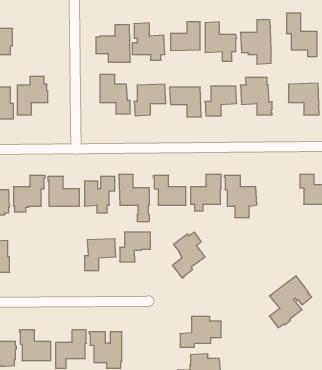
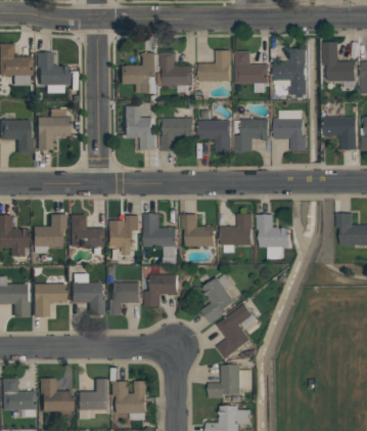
building: none -> [35,52,67,88]
building: none -> [70,273,102,314]
building: none -> [31,284,64,317]
building: [269,276,312,328] -> [216,303,261,358]

